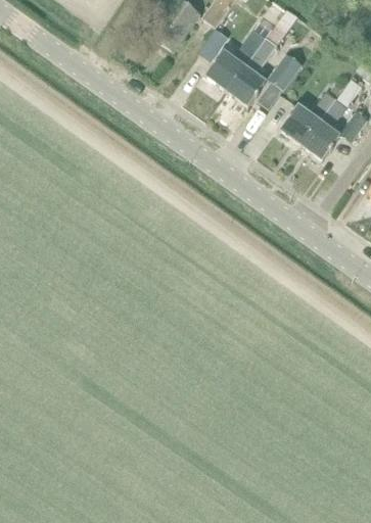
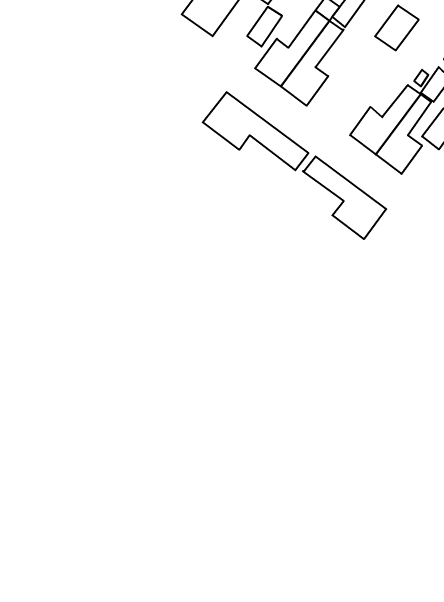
building: [268,55,303,91] -> [375,5,419,50]
building: none -> [203,92,308,170]
building: none -> [303,156,386,239]

